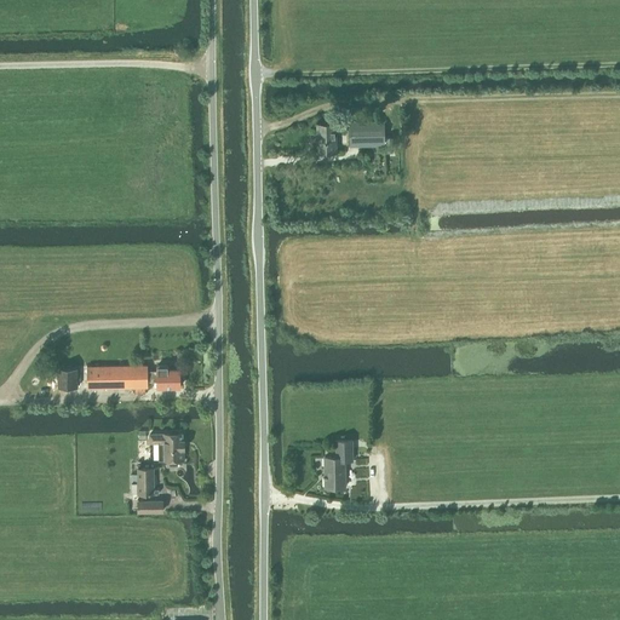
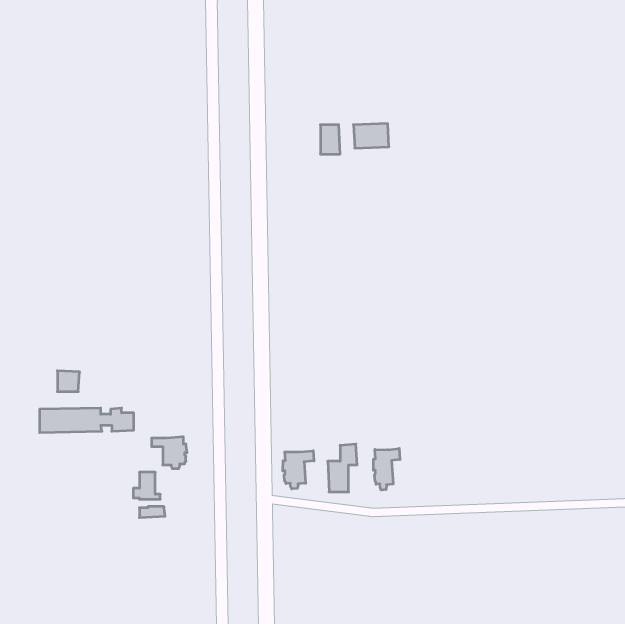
building: [87,366,180,390] -> [40,408,134,433]
building: none -> [373,448,400,490]
building: none -> [283,451,314,489]

